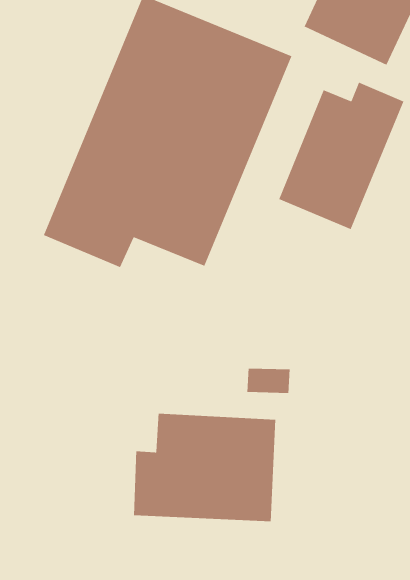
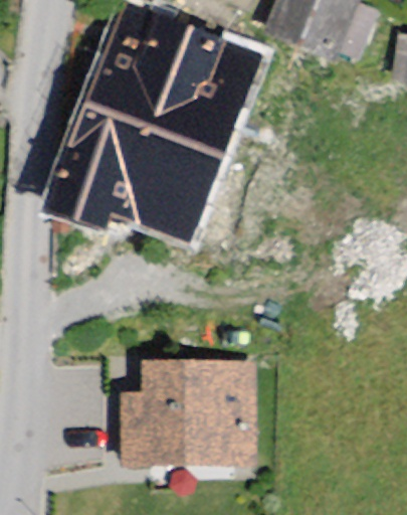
building: [278,82,404,230] -> none

